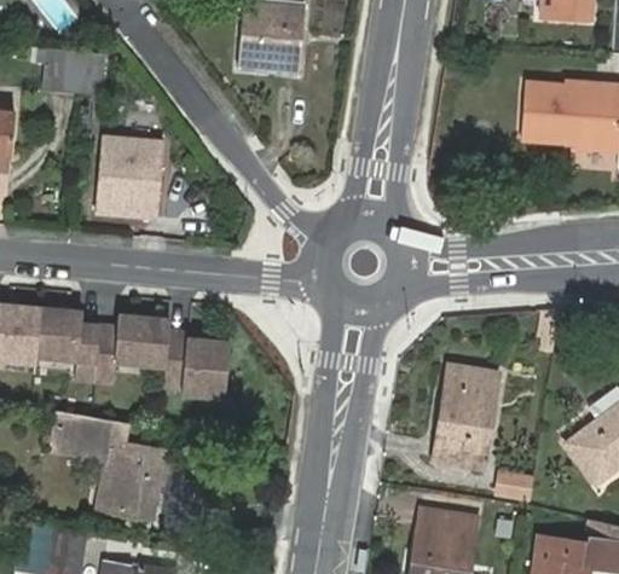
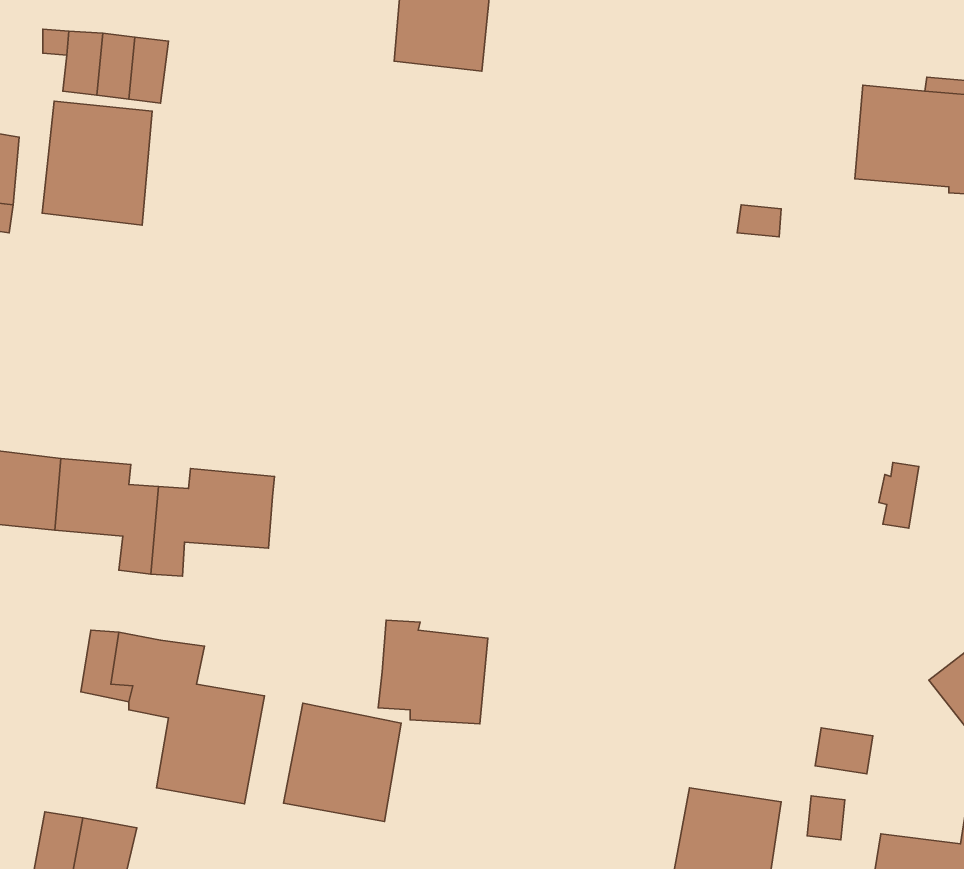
building: [96,140,162,215] -> [42,101,152,225]
building: [163,332,230,395] -> [378,620,488,724]
building: [434,364,498,469] -> none
building: none -> [284,703,401,821]

